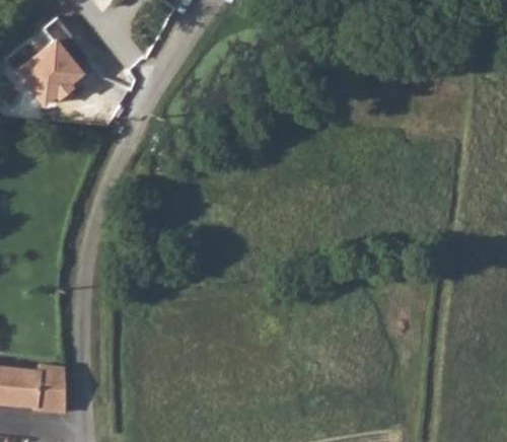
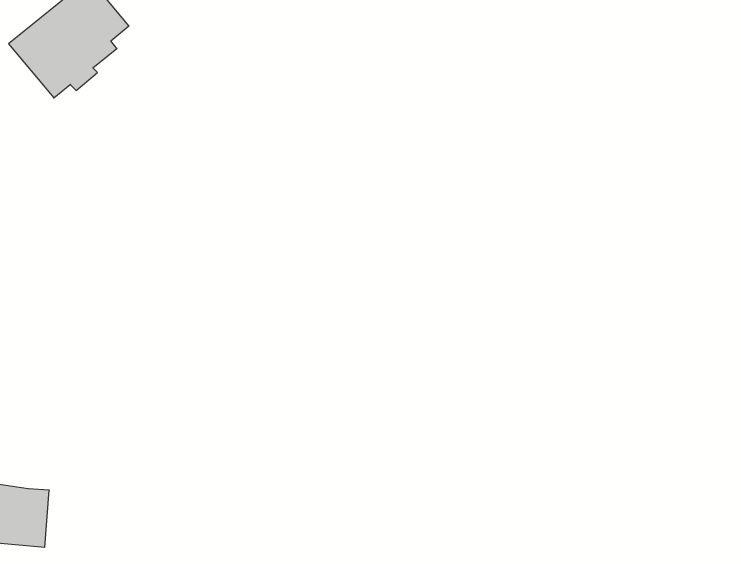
building: [33,366,68,416] -> none

